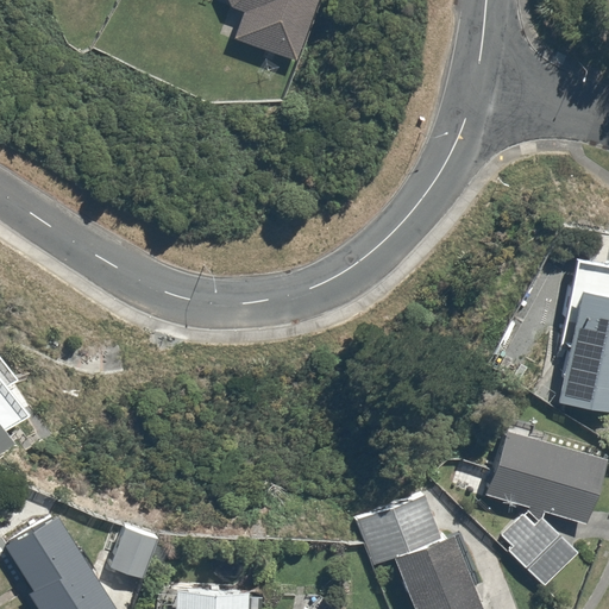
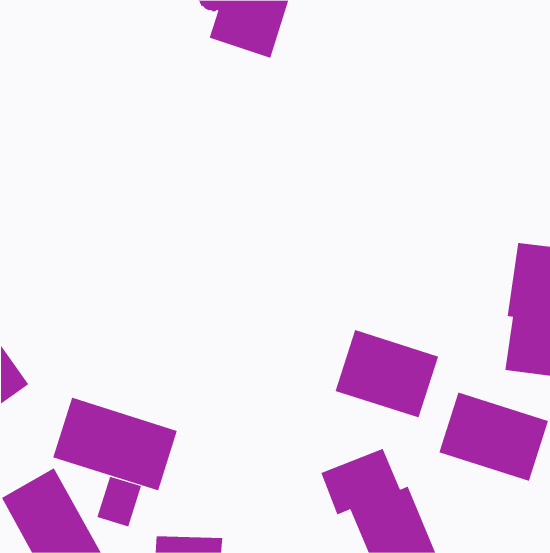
building: none -> [335,329,439,418]
building: none -> [53,397,178,491]
building: [496,509,575,586] -> none

